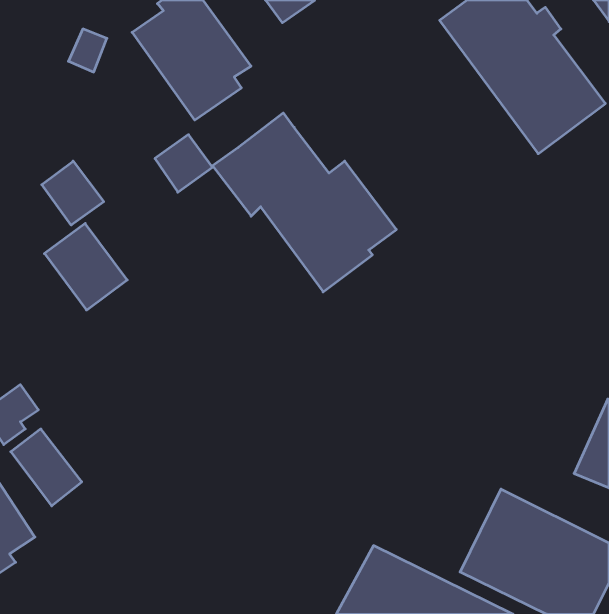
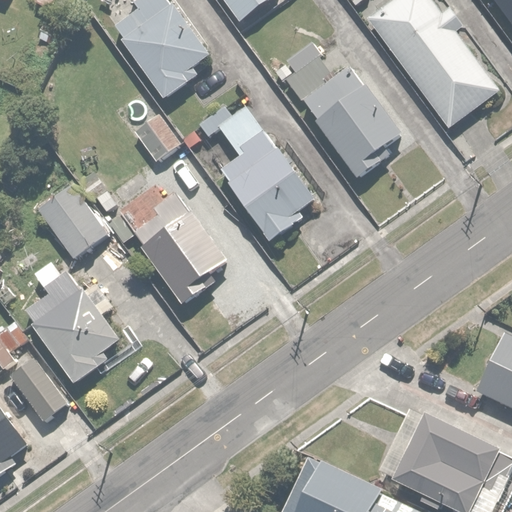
building: none -> [275,29,412,179]
building: [42,161,104,225] -> none
building: none -> [118,186,233,303]
building: none -> [22,259,119,381]

